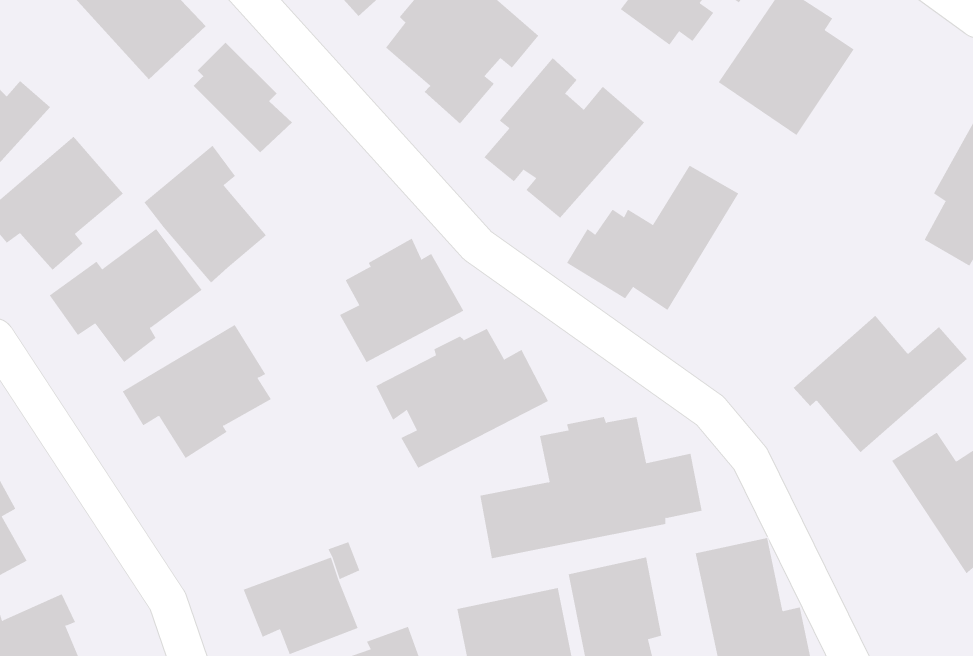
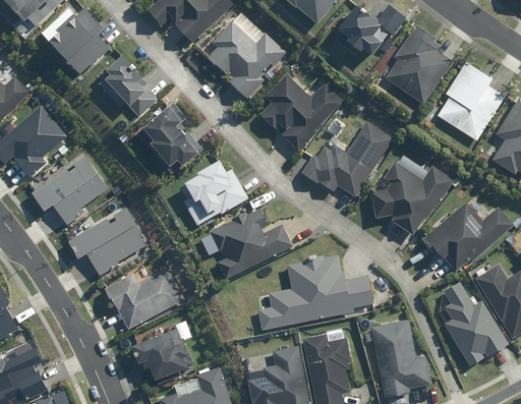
building: none -> [436,62,507,142]
building: [144,145,267,283] -> [137,102,202,175]
building: none -> [369,153,454,234]
building: none -> [105,264,185,330]
building: none -> [444,281,509,367]

